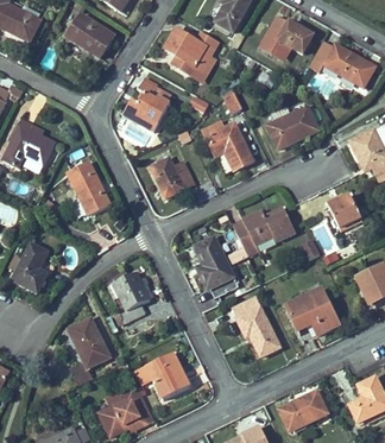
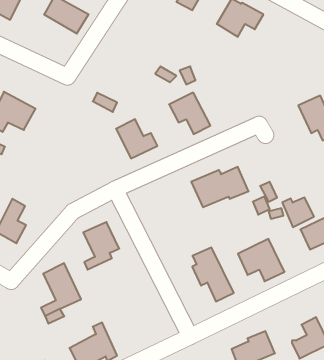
building: [165,26,217,80] -> none
building: [310,42,377,89] -> none
building: [128,80,173,134] -> none
building: [266,107,320,150] -> none
building: [68,162,111,211] -> none
building: [328,196,364,229] -> [282,197,314,227]
building: [196,238,239,299] -> none
building: [145,353,188,399] -> none

